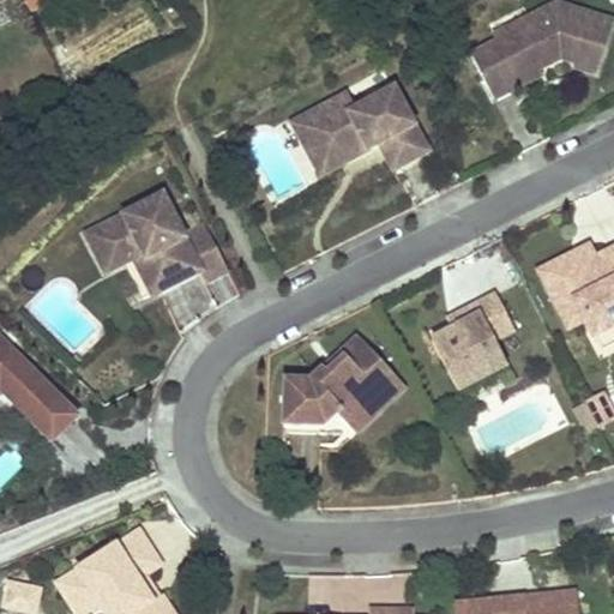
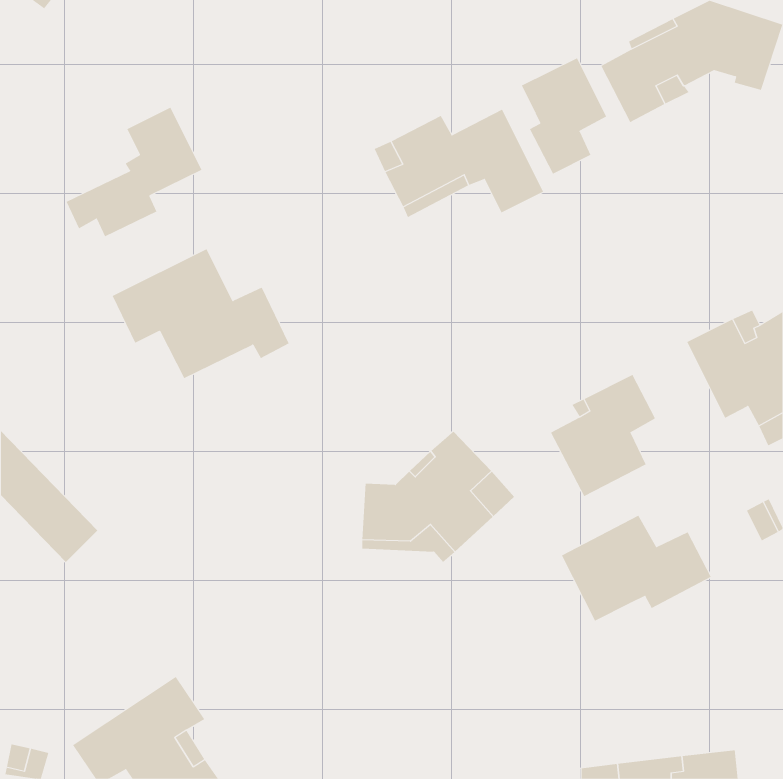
building: none -> [521,58,607,174]
building: none -> [66,107,202,237]
building: none -> [561,515,711,621]

